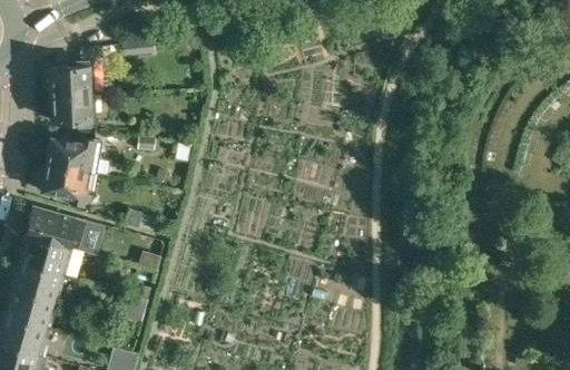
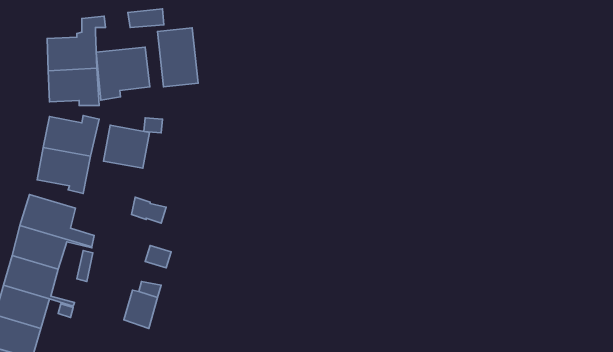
building: none -> [158,28,198,87]
building: none -> [96,47,150,100]
building: none -> [103,125,149,168]

